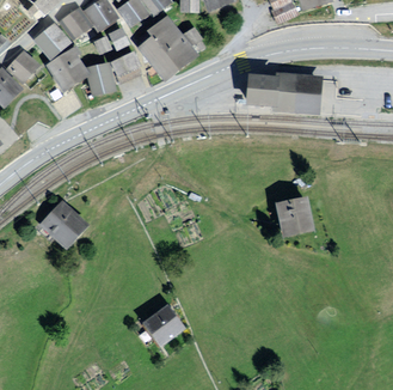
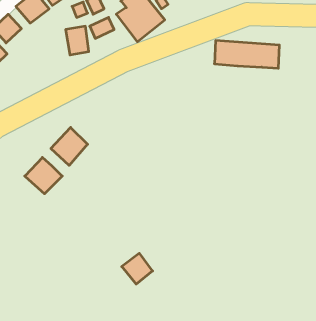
building: [49,45,88,90] -> none
building: none -> [51,127,88,165]
building: [280,197,312,234] -> none

